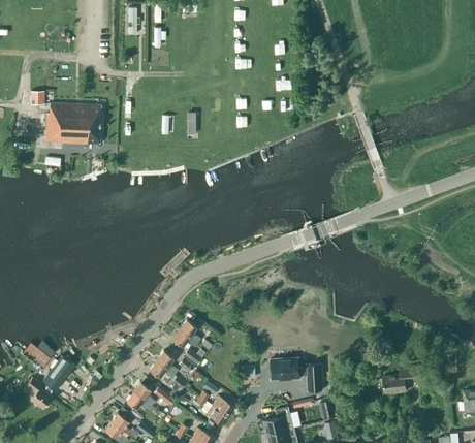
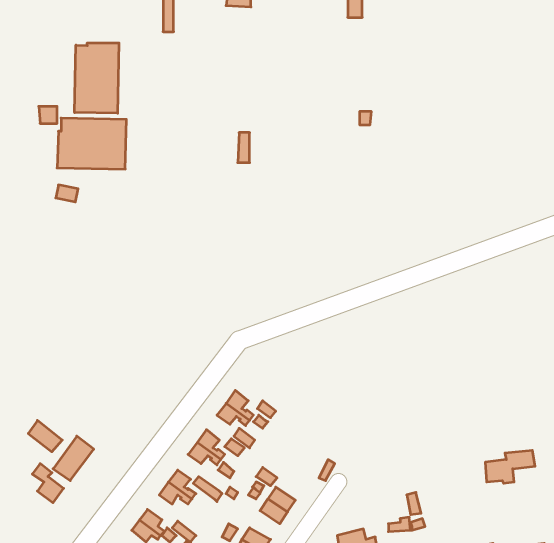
building: none -> [75,43,119,113]
building: [270,358,322,390] -> none
building: [263,406,289,434] -> none

